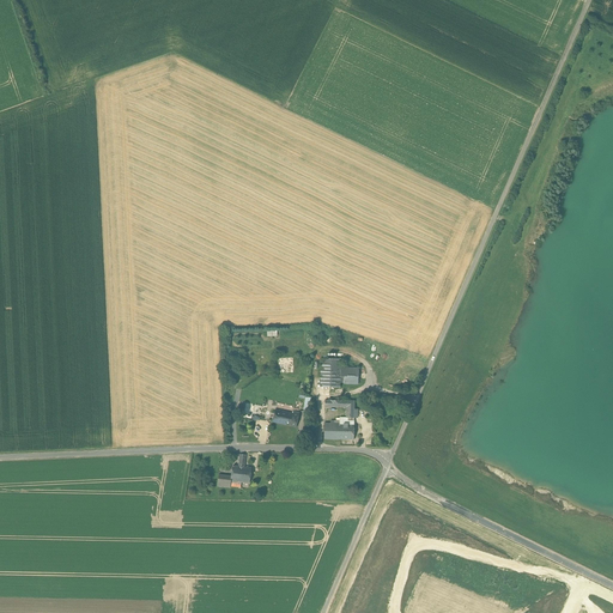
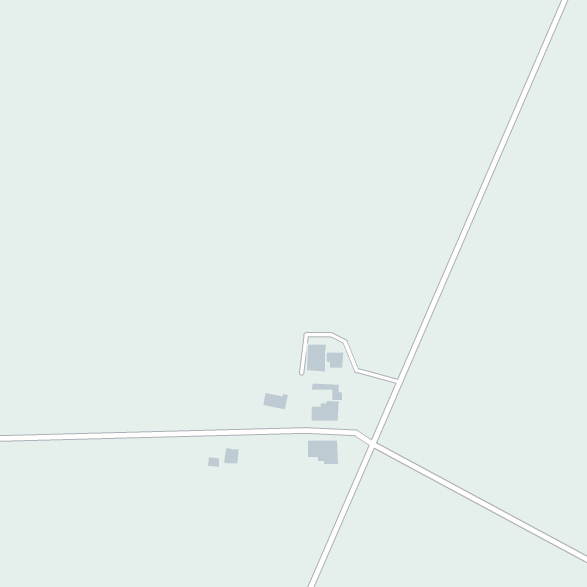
building: none -> [307,440,339,465]

